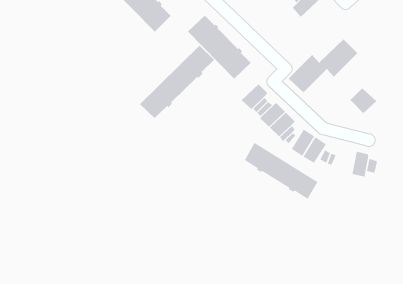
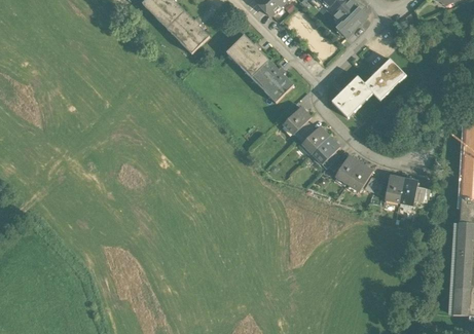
building: [139,45,215,119] -> none
building: [350,87,377,114] -> none
building: [244,142,319,200] -> none
building: none -> [384,175,403,202]

